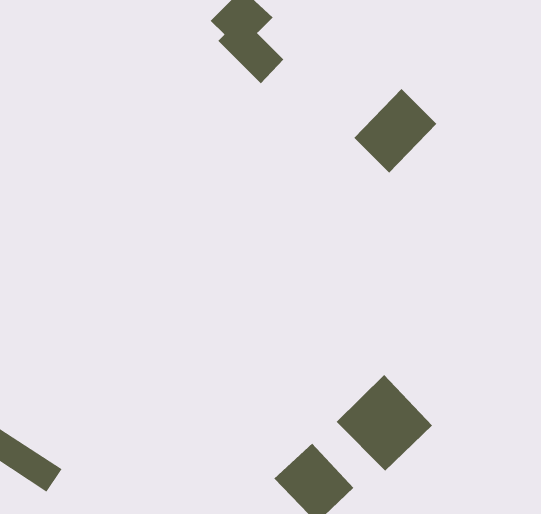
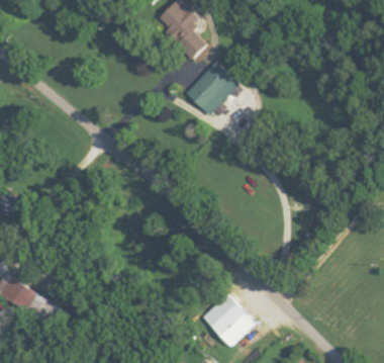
building: [353,88,437,174] -> [185,62,239,117]
building: [336,374,433,471] -> none

